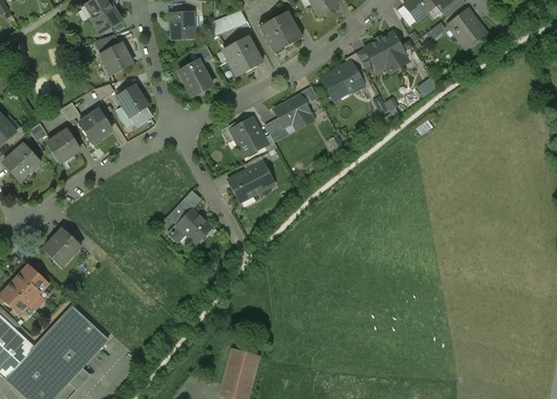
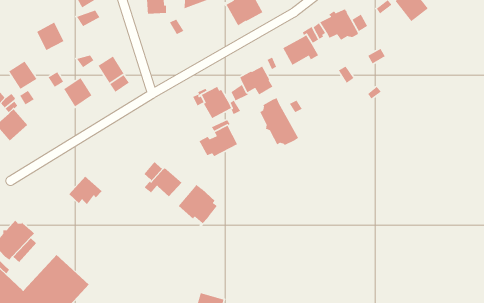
building: [223,36,262,76] -> none
building: [100,42,132,75] -> [36,22,64,51]
building: [180,60,211,96] -> none
building: [47,129,79,162] -> [8,61,38,90]
building: none -> [259,97,299,146]
building: none -> [178,184,218,226]
building: [42,228,81,261] -> [68,176,103,205]

